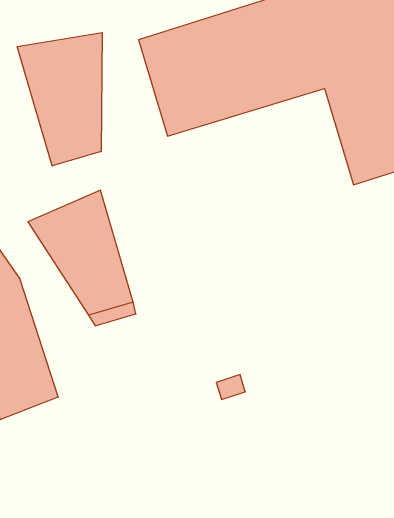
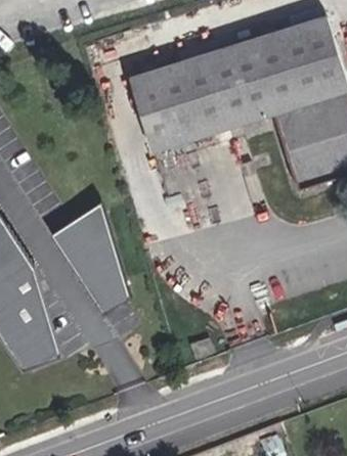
building: [17,33,102,166] -> none

